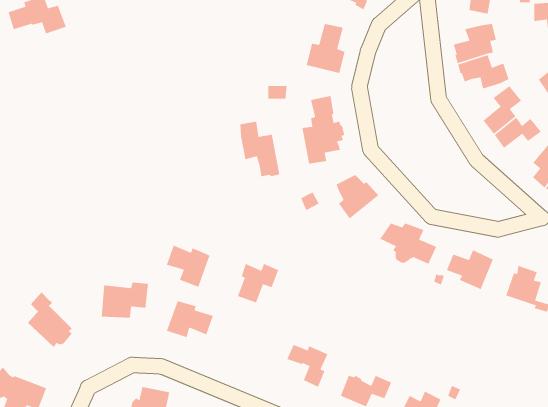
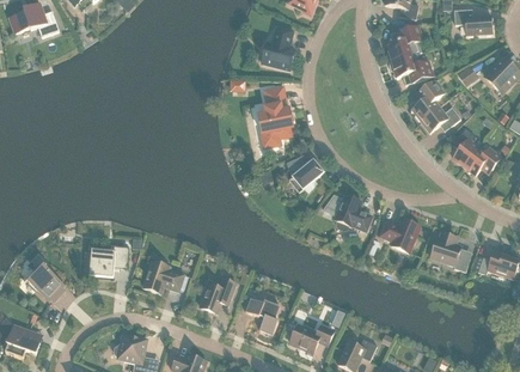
building: [239,121,280,177] -> none
building: [166,245,210,288] -> none
building: [237,263,279,304] -> [200,278,235,312]

